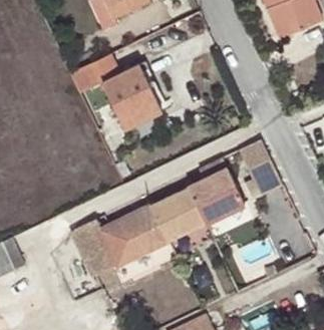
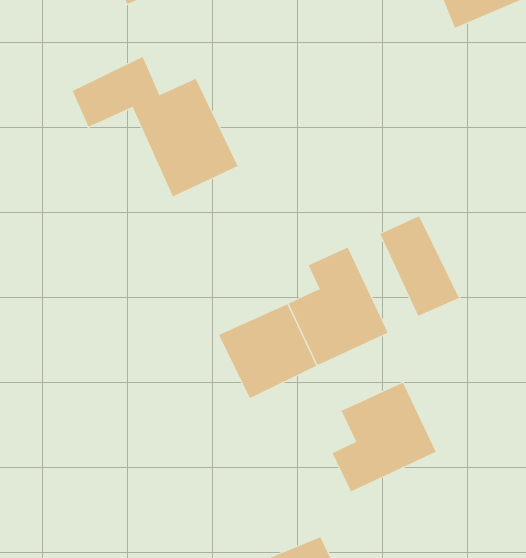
building: [75,205,169,274] -> none
building: none -> [332,382,436,492]

